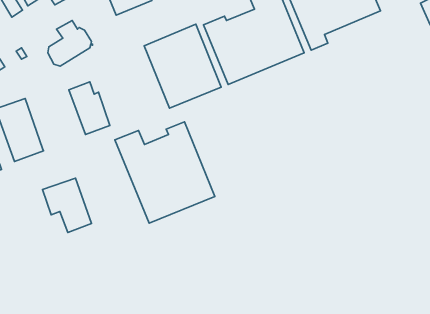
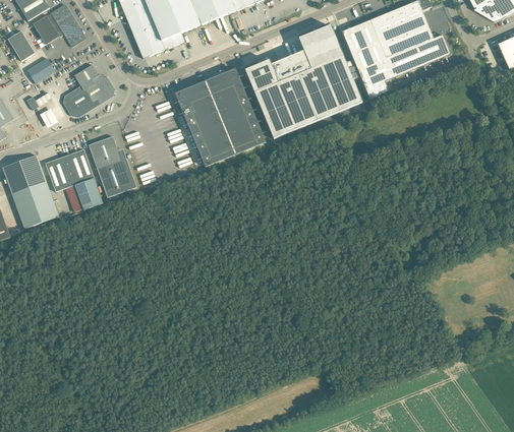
building: none -> [26,57,55,82]
building: [115,122,215,223] -> none
building: [42,178,91,232] -> [45,148,102,211]

